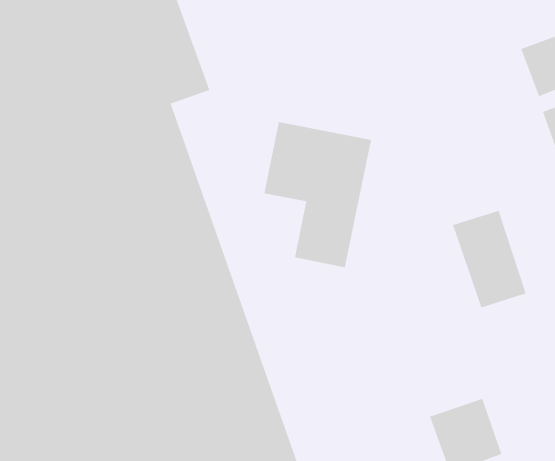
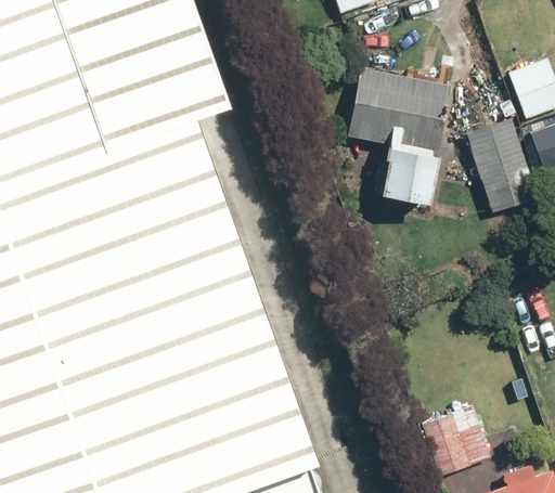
building: [263,122,372,268] -> [347,68,450,207]
building: [452,210,526,308] -> [467,119,538,212]

